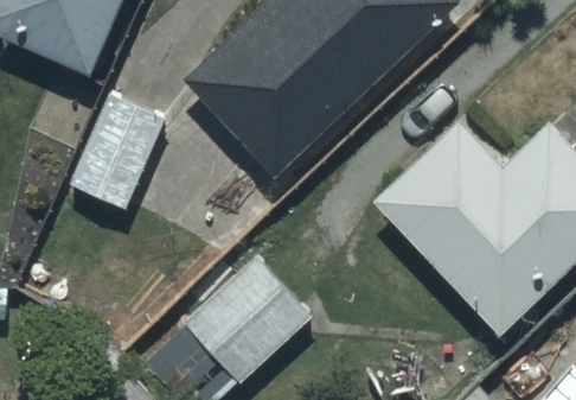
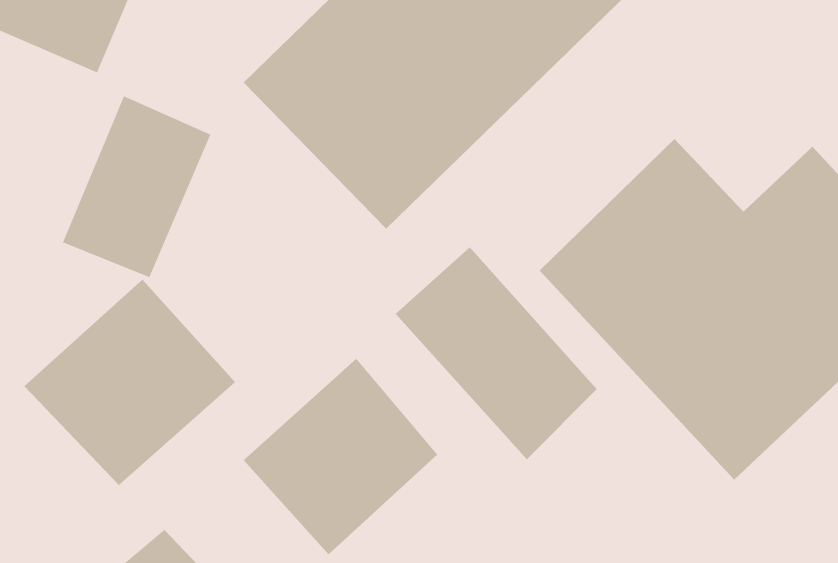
building: none -> [395,246,598,460]
building: none -> [23,279,236,486]

